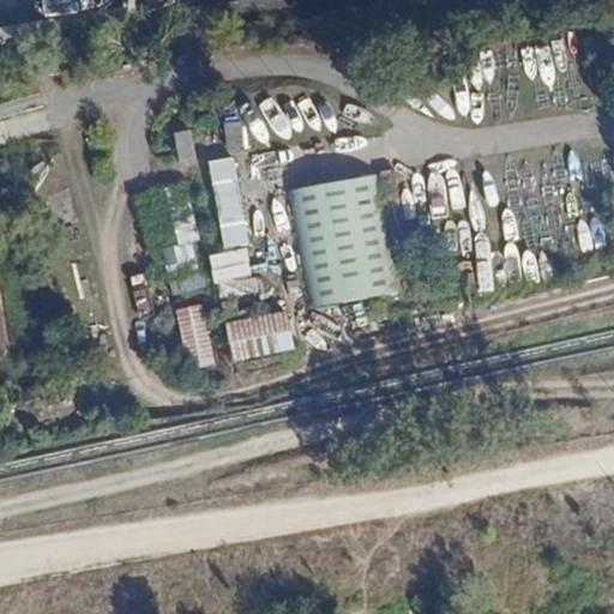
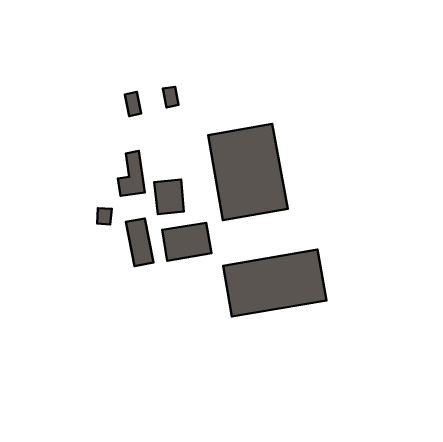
building: [207,155,248,246] -> none
building: none -> [223,249,326,316]

